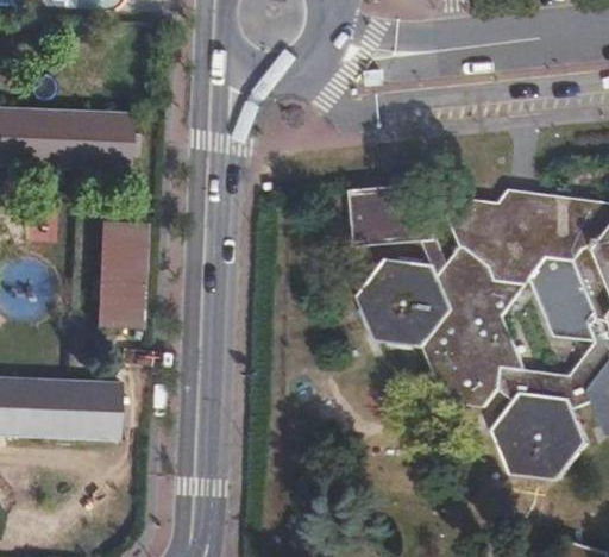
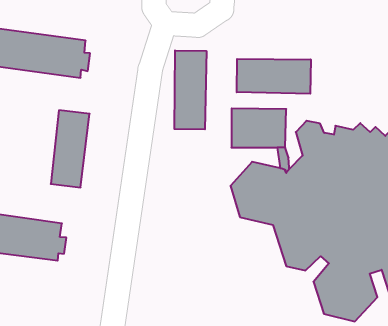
building: none -> [237,59,311,94]
building: none -> [174,50,206,129]

